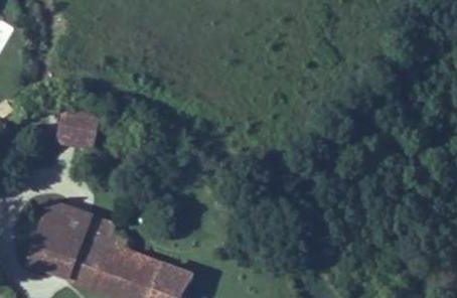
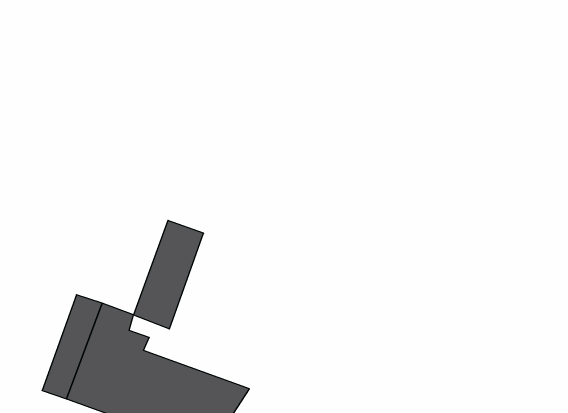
building: [55,109,98,146] -> none
building: [25,199,74,276] -> [134,220,204,329]

